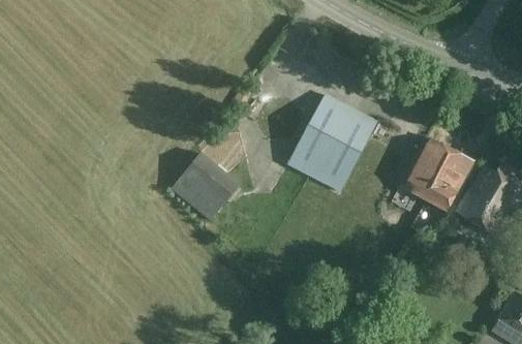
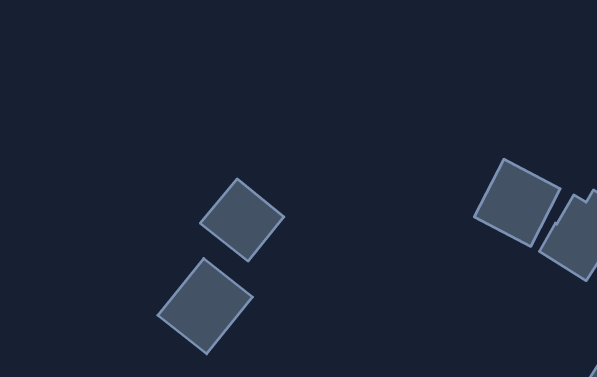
building: [288,95,373,191] -> none
building: none -> [158,258,253,354]

